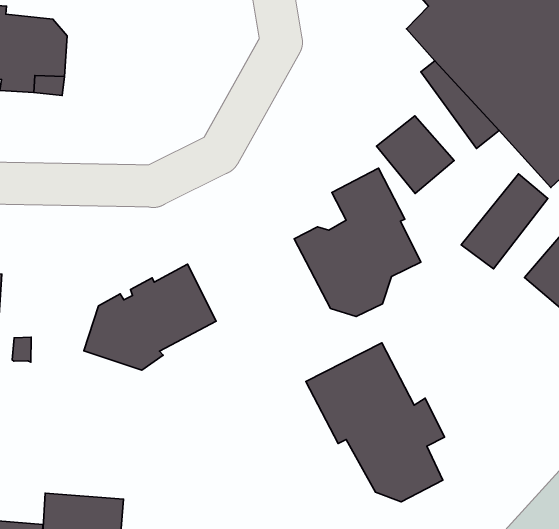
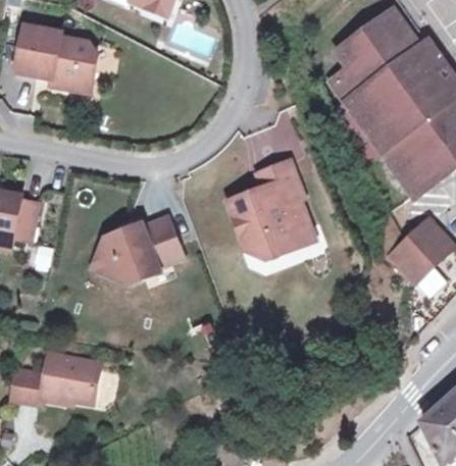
building: [377,116,454,194] -> none
building: [461,174,548,269] -> none
building: [306,343,445,502] -> none

